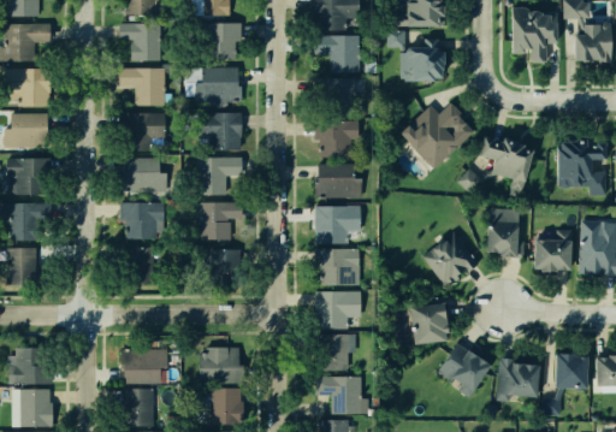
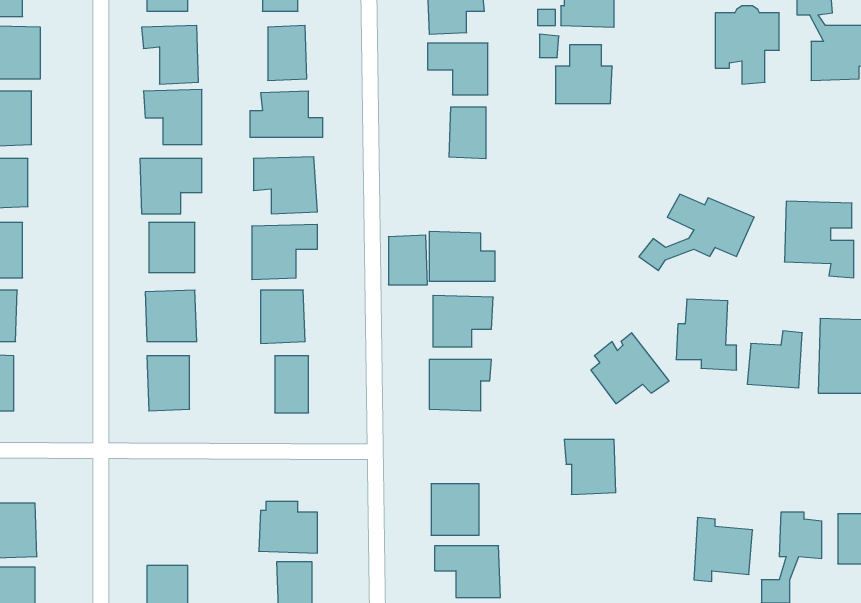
building: [398,102,474,171] -> none
building: [322,123,349,156] -> [388,235,427,285]
building: [319,294,363,327] -> none
building: [438,344,491,396] -> none
building: [125,351,168,383] -> none

